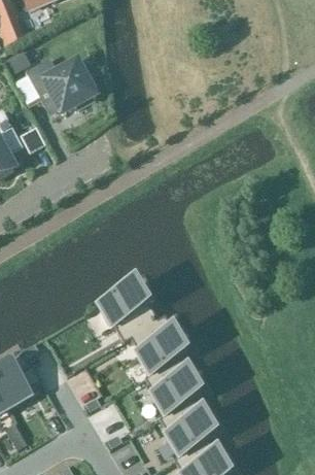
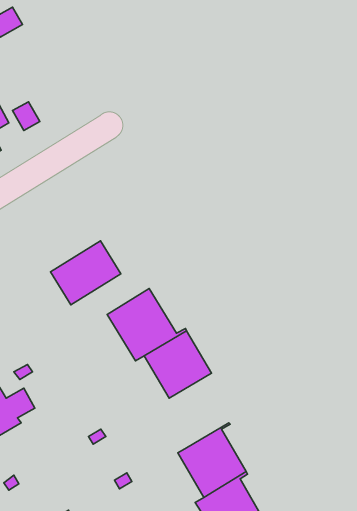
building: [25,58,95,112] -> none
building: none -> [50,241,121,305]
building: [145,352,202,414] -> none

